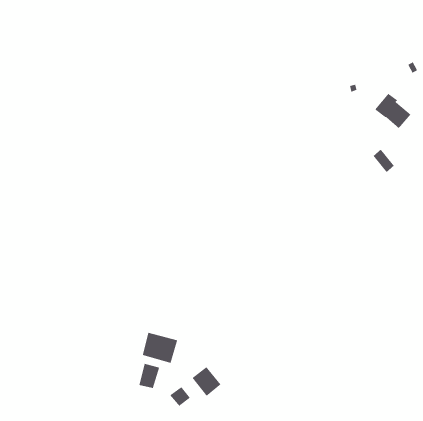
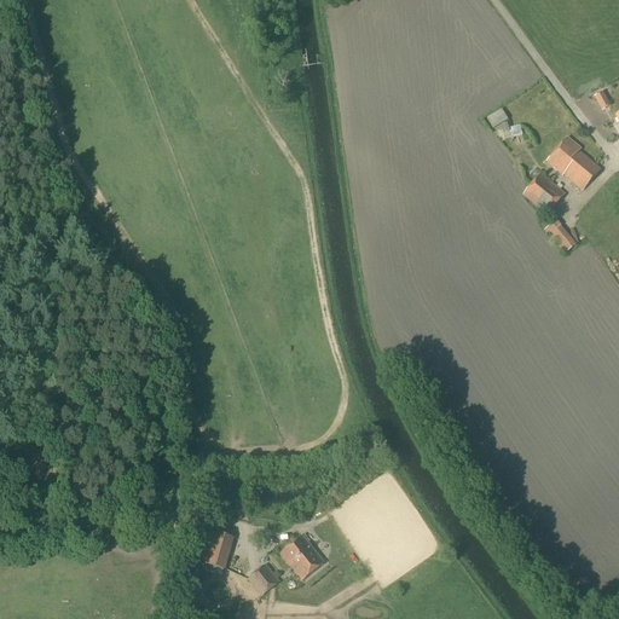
building: none -> [522,172,563,213]
building: [142,332,178,364] -> none

